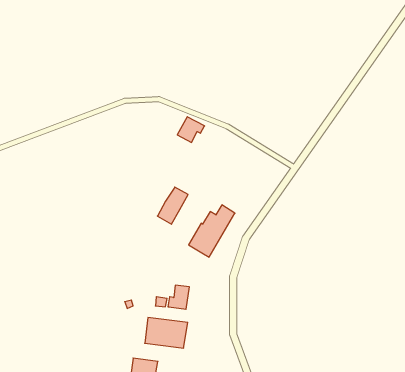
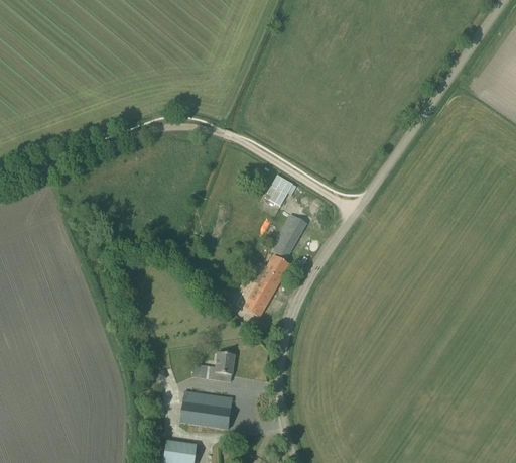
building: [177,117,205,142] -> [265,173,298,205]
building: [157,187,188,224] -> [270,214,307,259]

